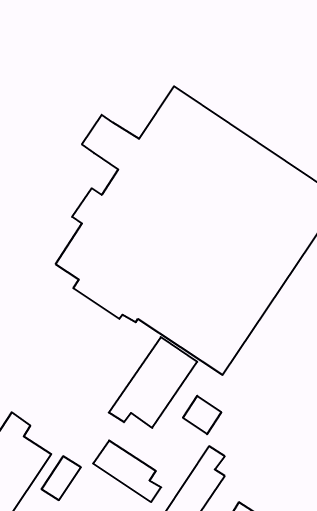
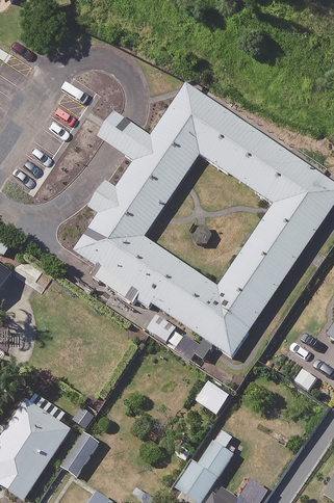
building: [109,337,197,428] -> none
building: [93,440,161,502] -> none

